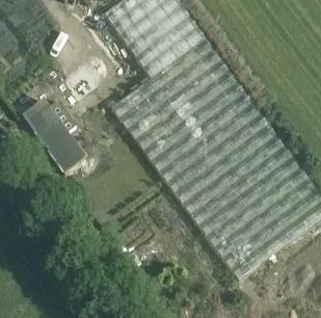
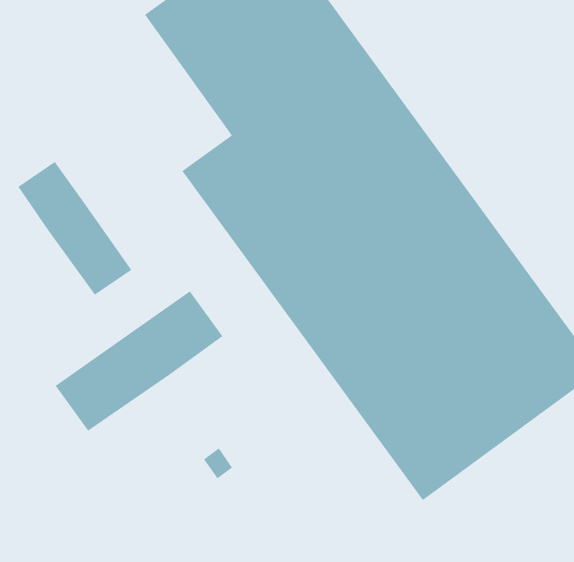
building: none -> [55,291,223,431]

